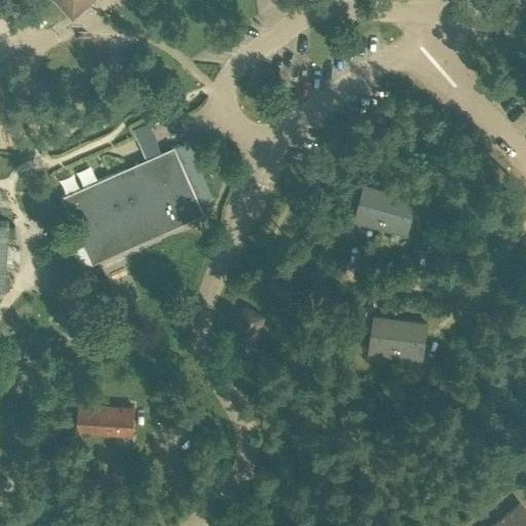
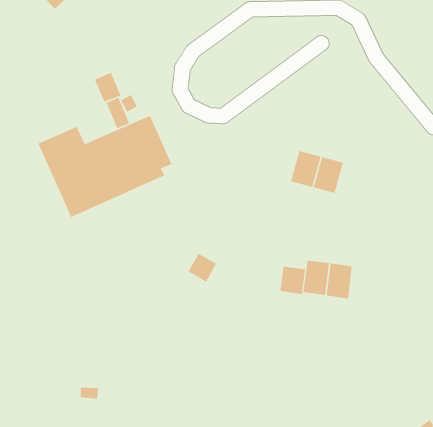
building: none -> [94,72,121,103]
building: none -> [280,266,305,295]
building: [75,406,133,439] -> none

